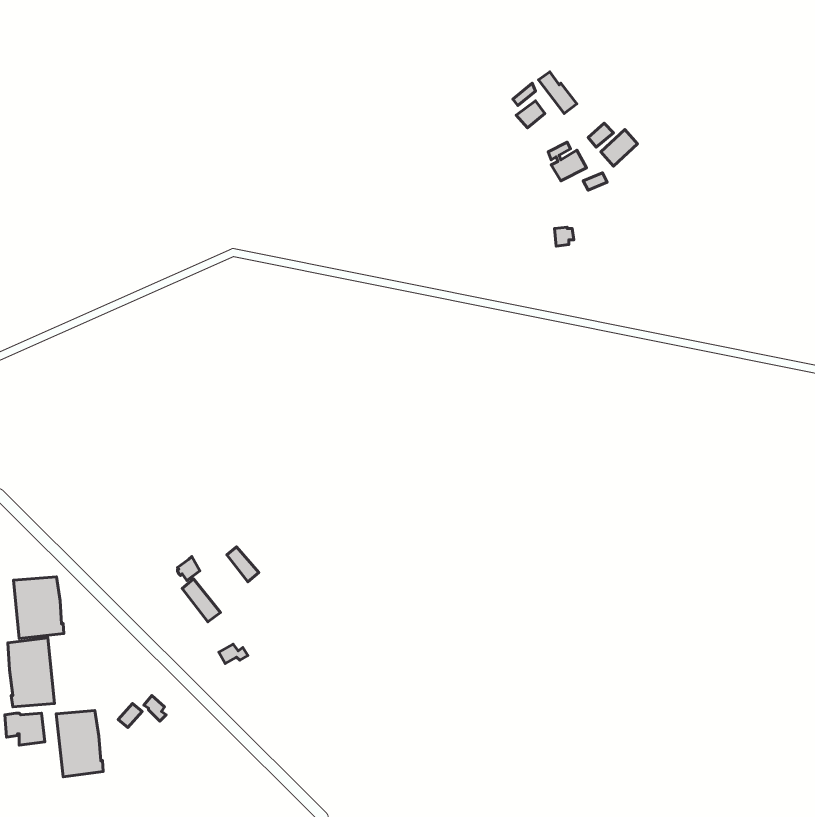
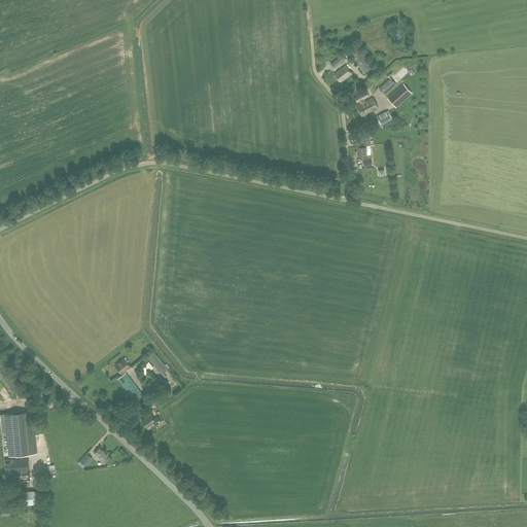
building: [13,577,64,639] -> none
building: [56,710,103,777] -> none

